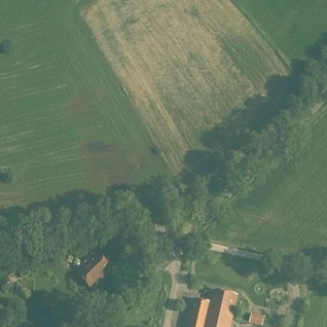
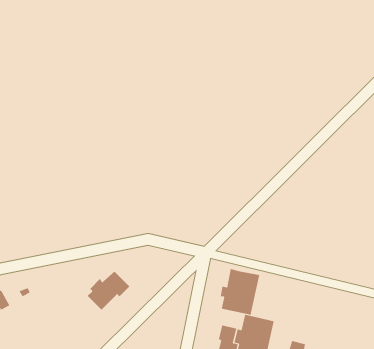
building: none -> [220,268,260,315]

